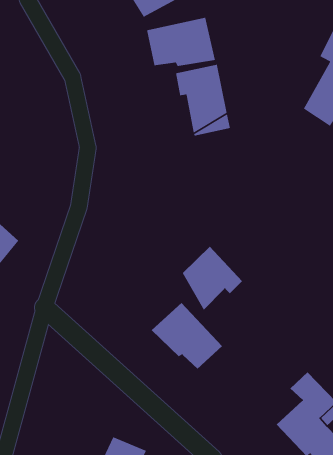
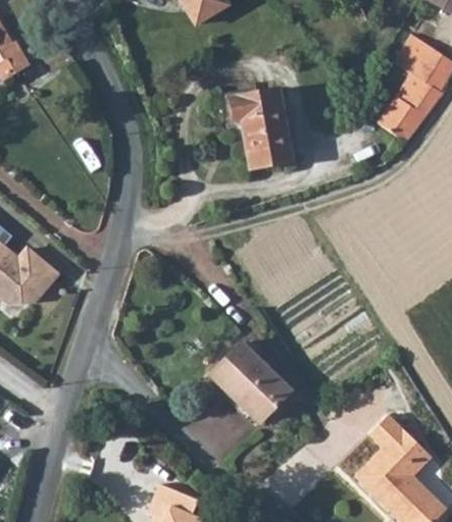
building: [146,17,216,67] -> none
building: [182,246,243,311] -> none

